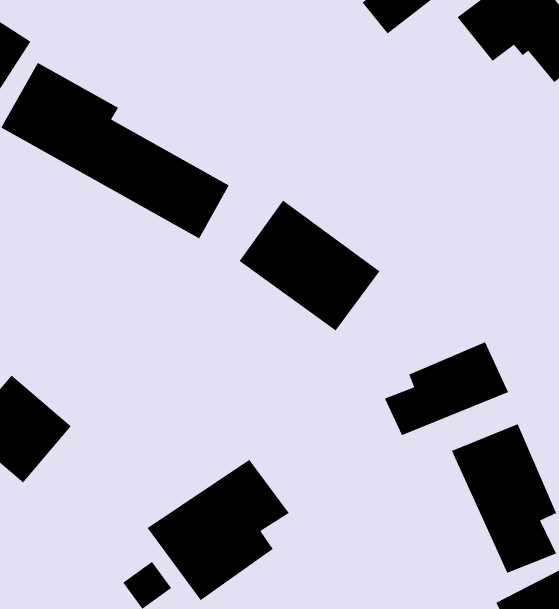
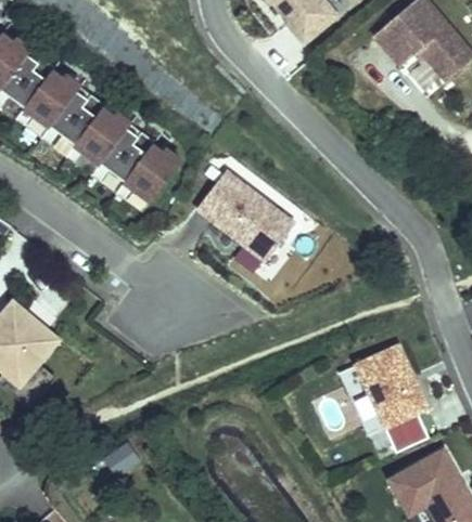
building: [384,341,509,436] -> none
building: [147,459,290,601] -> none

